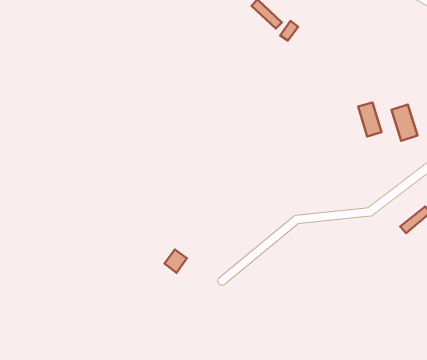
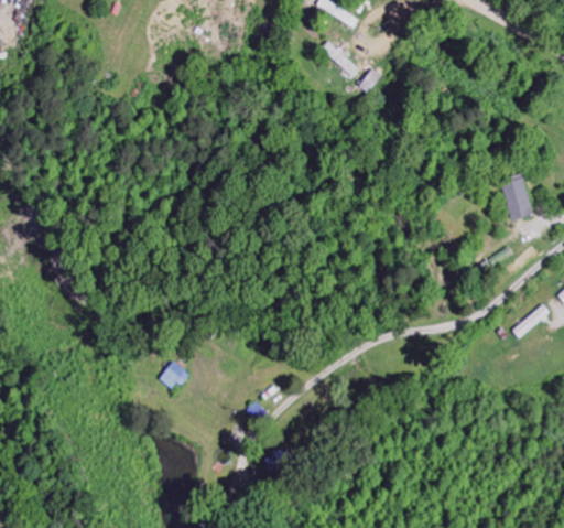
building: [358,102,381,136] -> none
building: [164,250,187,273] -> [159,360,187,390]

